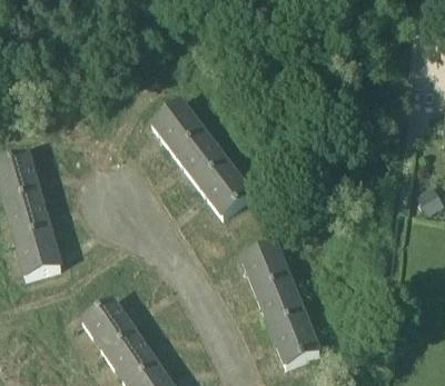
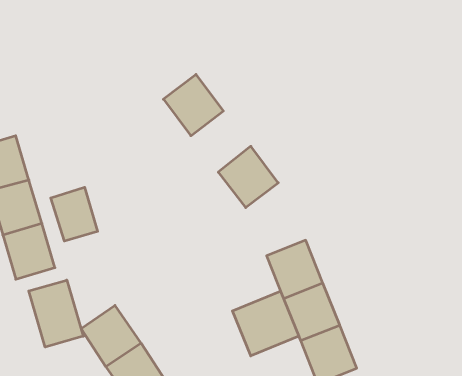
building: [176,131,227,184] -> none
building: none -> [51,187,98,241]
building: none -> [29,280,83,347]
building: none -> [232,291,299,356]

